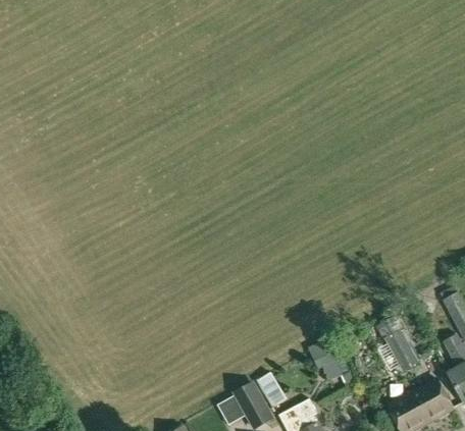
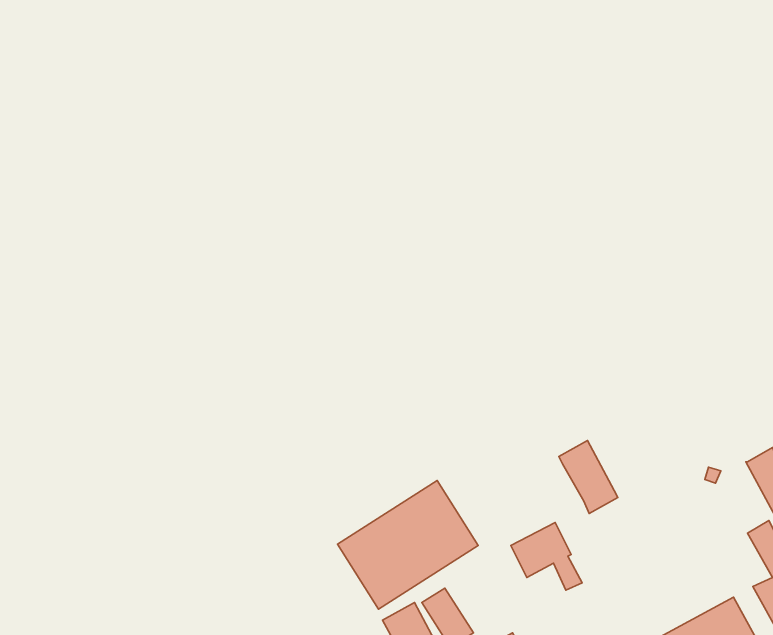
building: none -> [338,481,478,609]
building: [385,331,419,373] -> [559,441,618,514]

